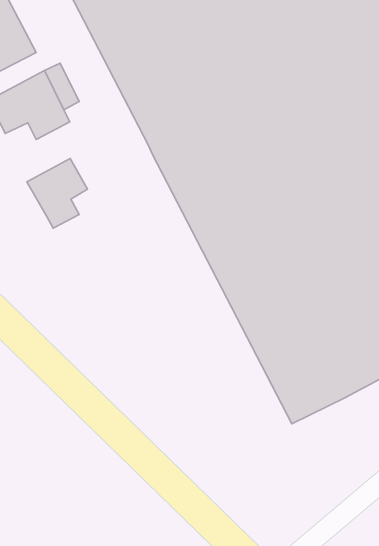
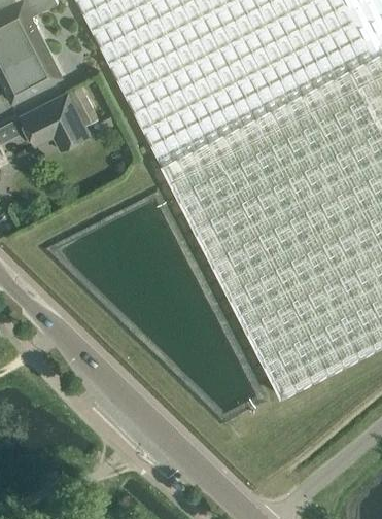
building: [27,159,87,228] -> none

